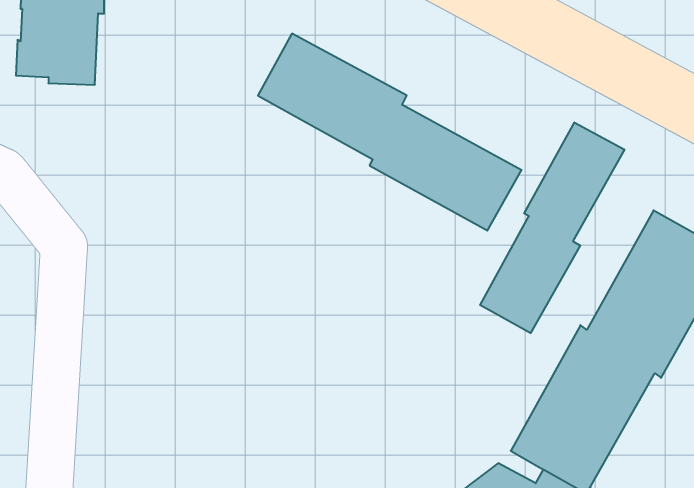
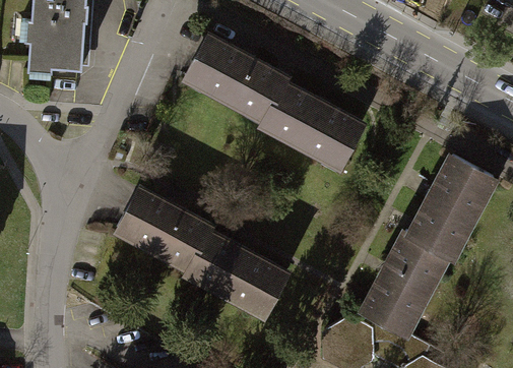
building: [480,122,624,333] -> none
building: none -> [120,190,285,313]

